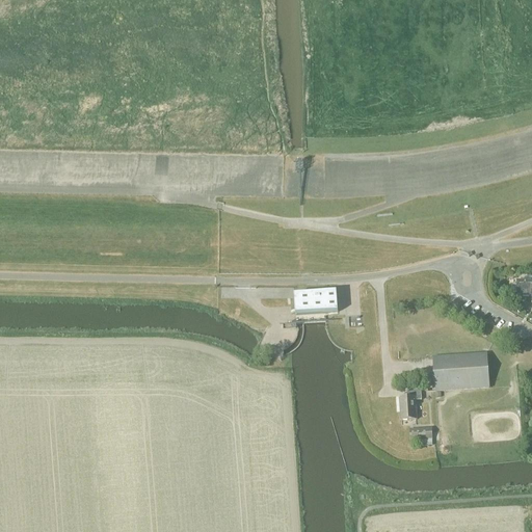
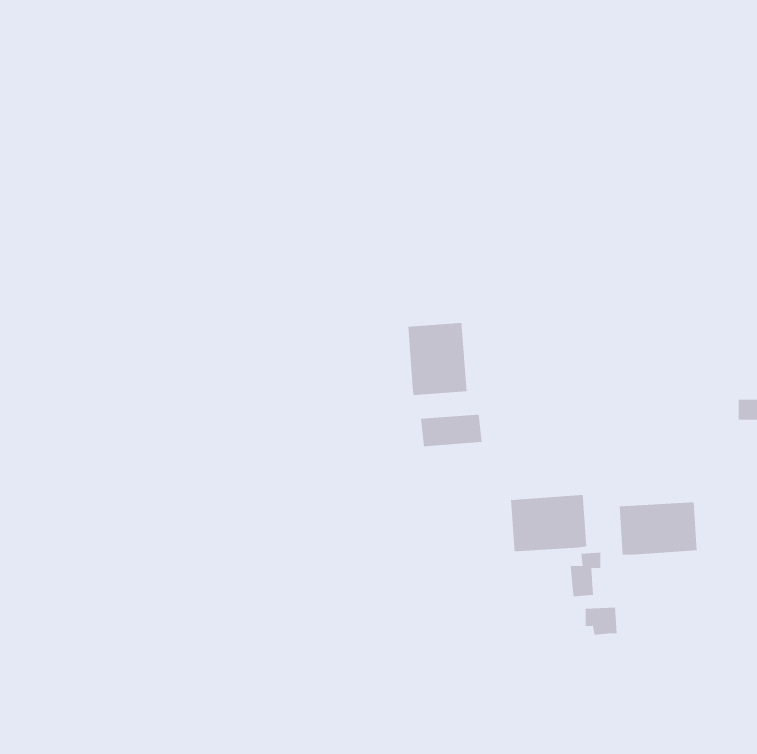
building: none -> [408,322,467,396]
building: none -> [510,494,587,552]

